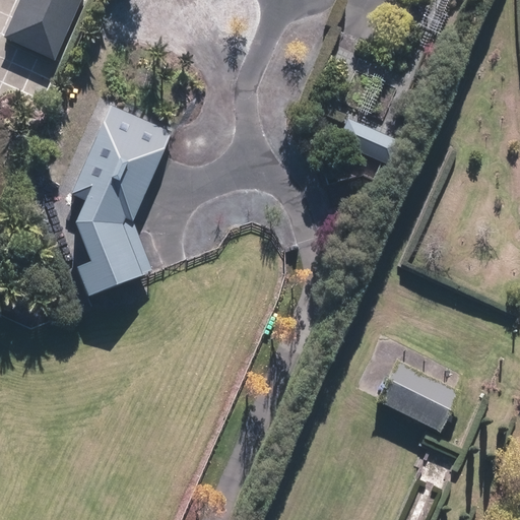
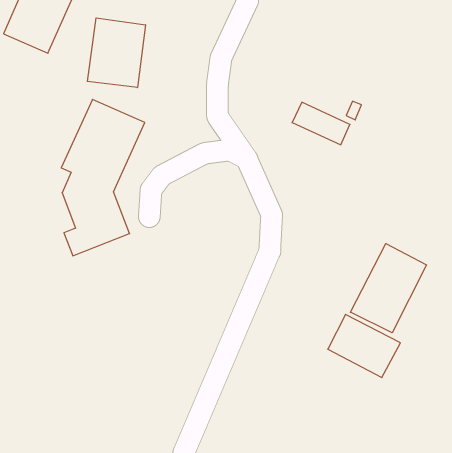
building: none -> [87,18,145,88]
building: none -> [350,244,427,333]

